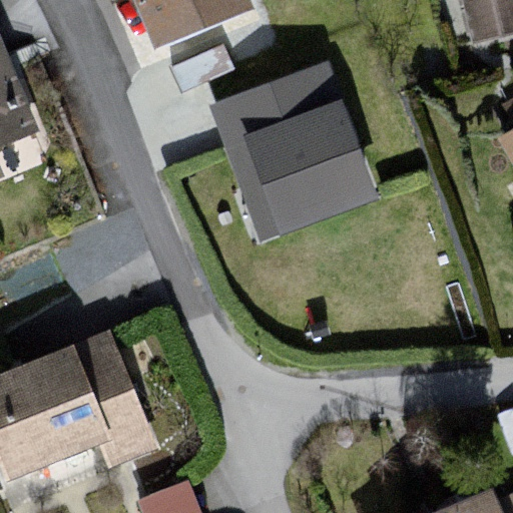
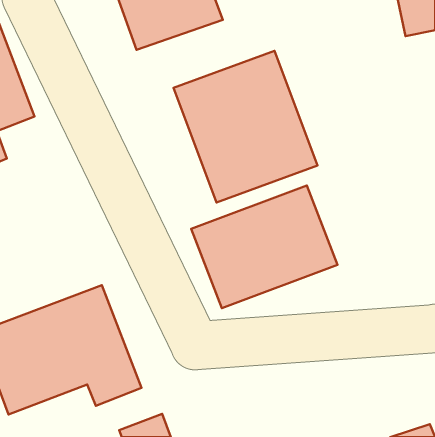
building: none -> [191,186,337,308]

